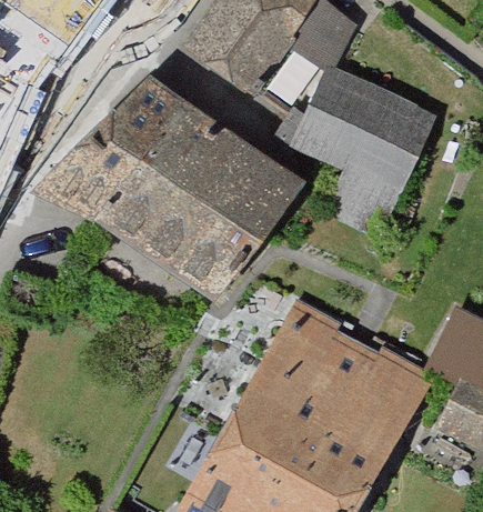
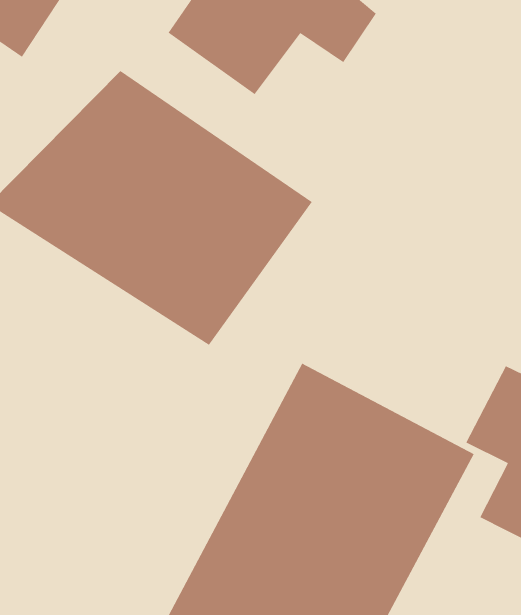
building: [296,71,433,238] -> none

